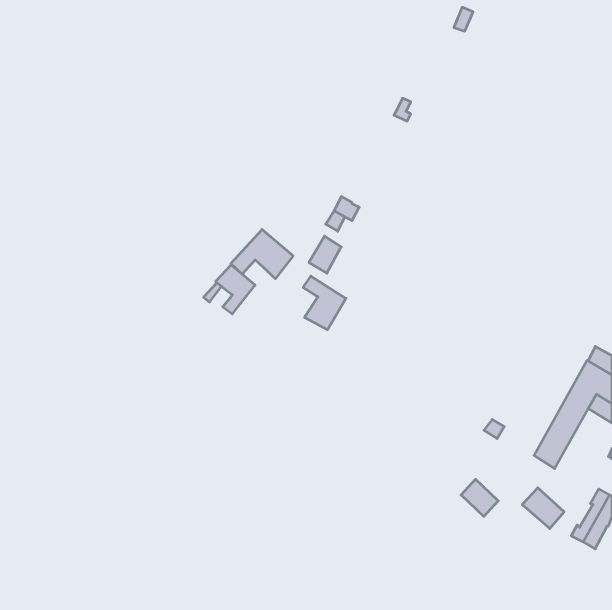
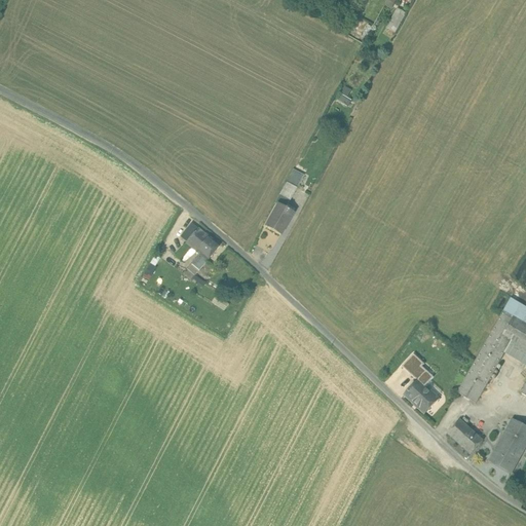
building: [231,229,293,279] -> none
building: [303,276,346,330] -> none
building: [461,479,498,516] -> [406,379,438,411]

